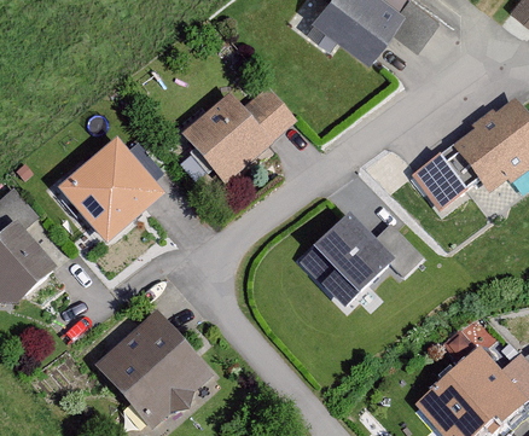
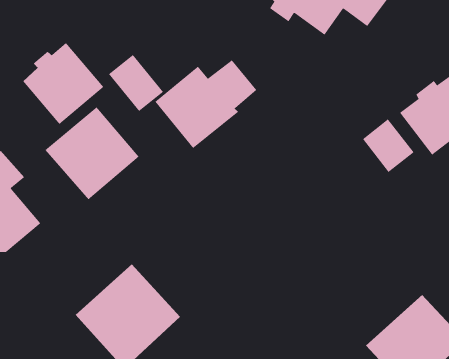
building: none -> [22,42,104,125]
building: none -> [108,54,164,112]
building: [295,213,424,308] -> none

